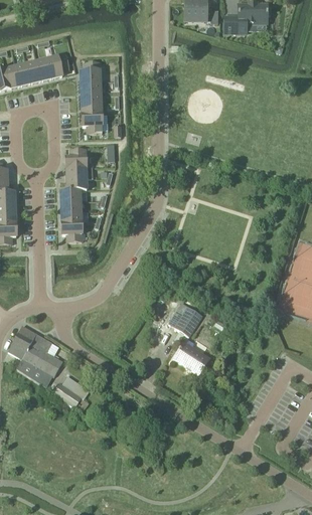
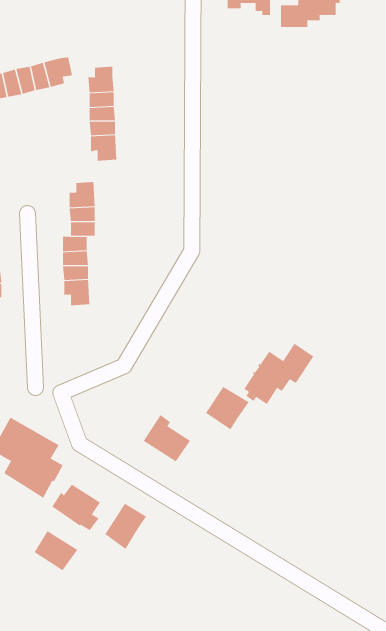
building: none -> [243,343,314,405]
building: [174,337,210,373] -> [143,414,191,462]
building: none -> [105,503,147,550]
building: none -> [34,530,78,571]

